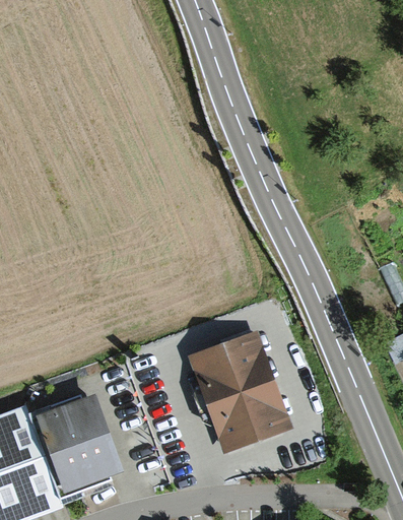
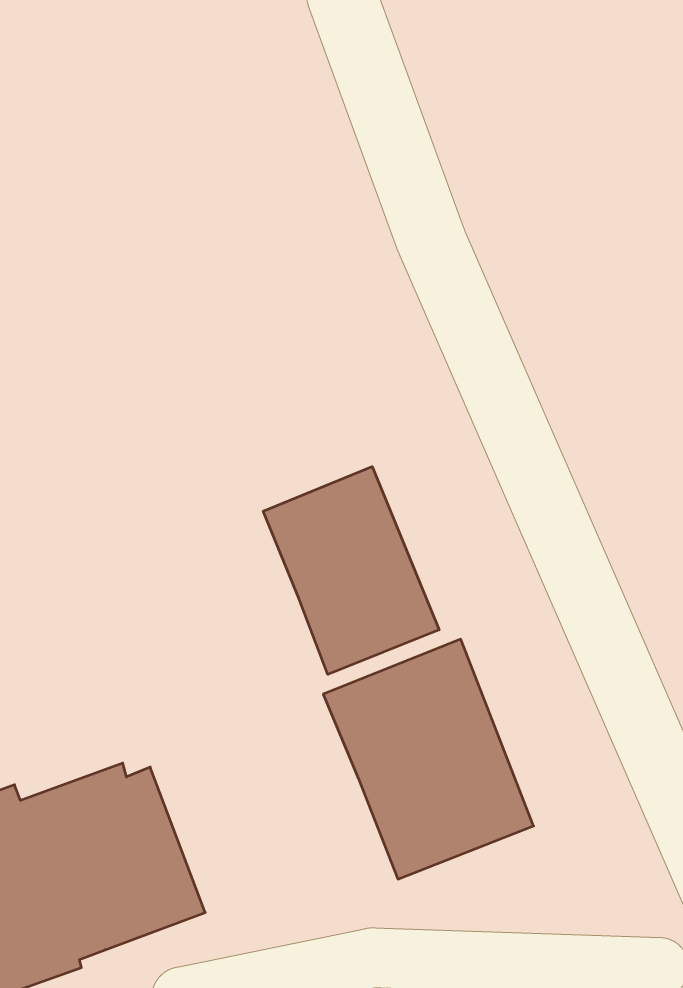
building: none -> [263,467,439,674]

